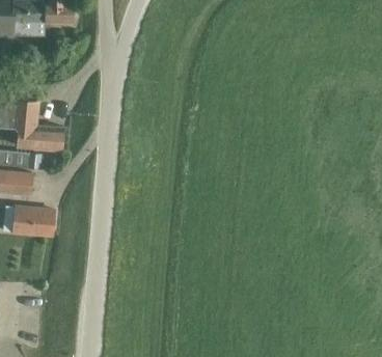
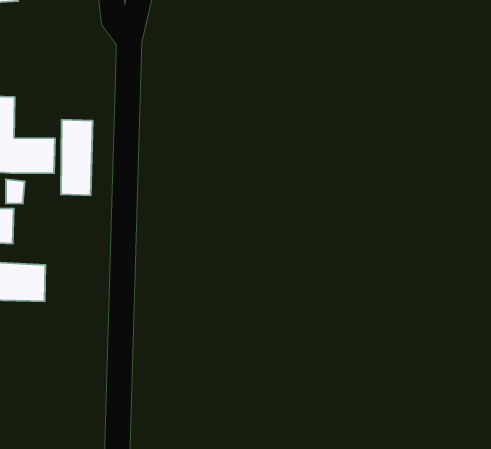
building: none -> [61,120,93,195]

